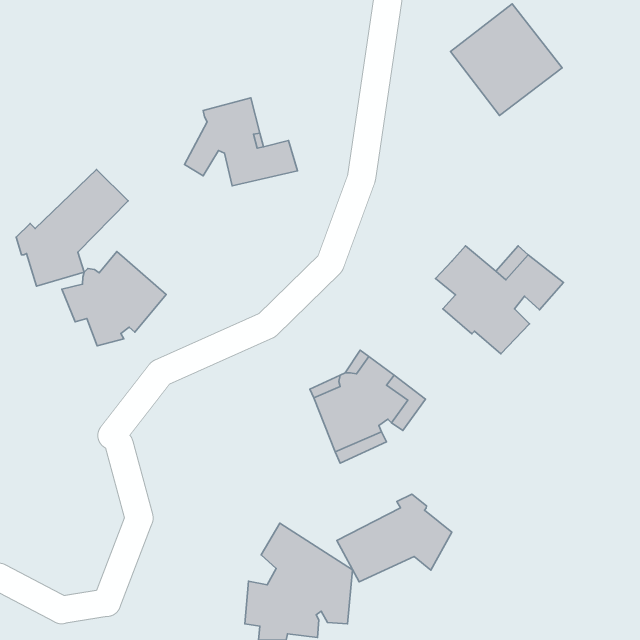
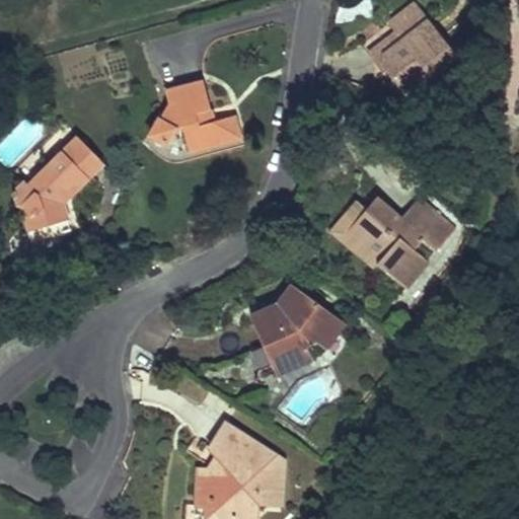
building: none -> [330,203,381,274]
building: [62,251,166,346] -> none
building: [337,494,452,582] -> none

